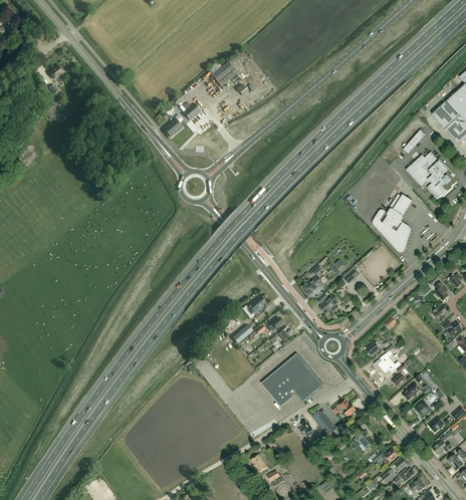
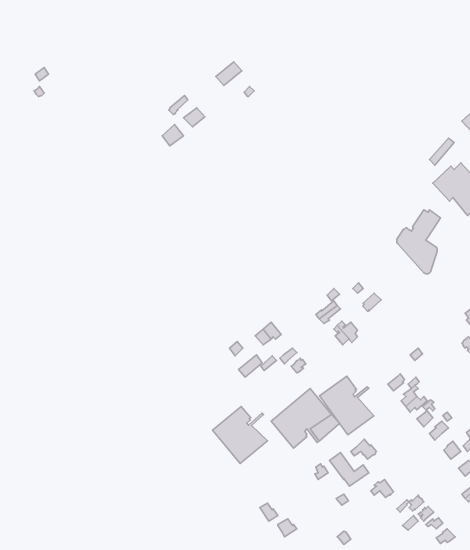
building: none -> [320,376,374,435]
building: none -> [212,406,268,464]

